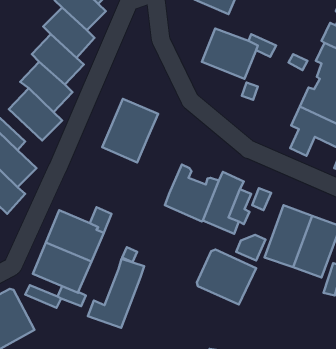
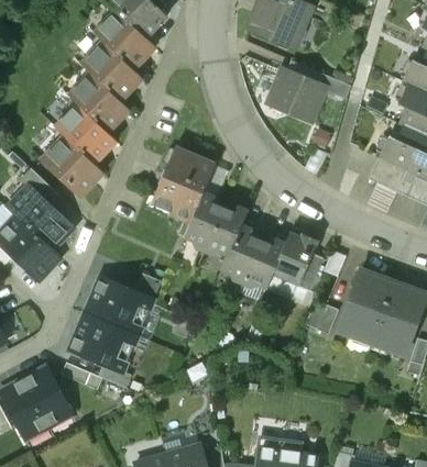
building: none -> [184,190,248,256]
building: [197,250,256,305] -> none
building: [88,259,144,328] -> none

